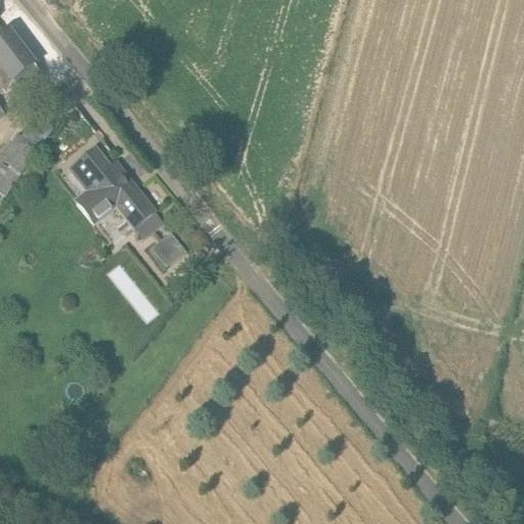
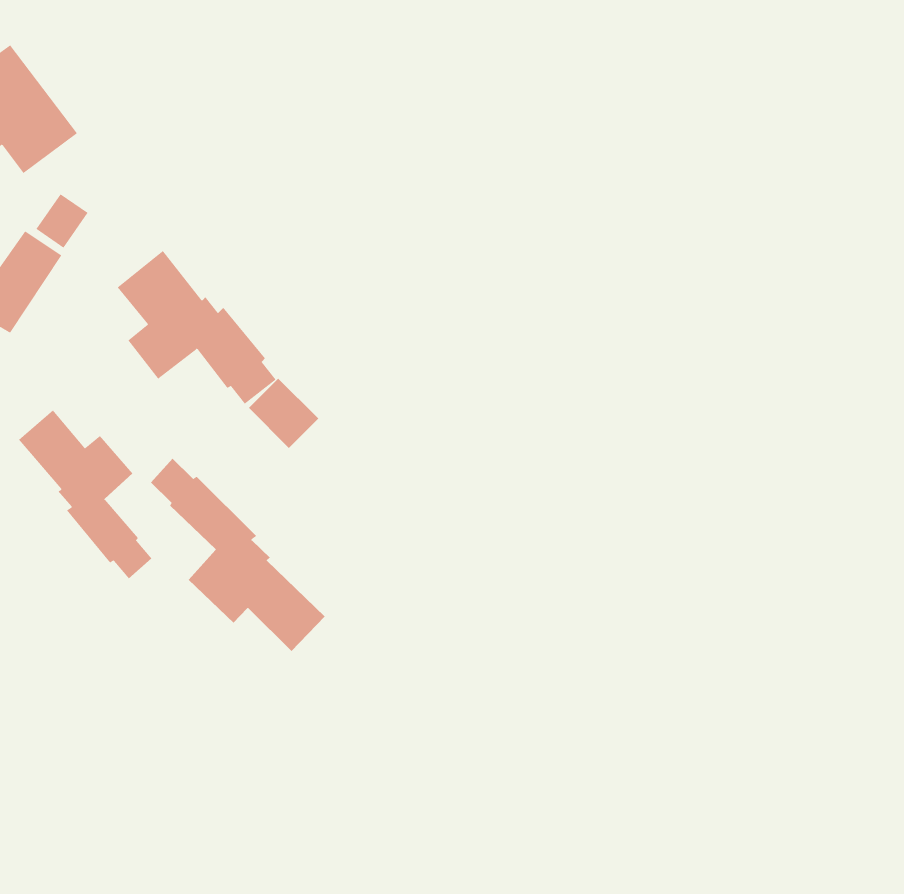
building: none -> [18,410,152,579]
building: none -> [150,458,325,652]

